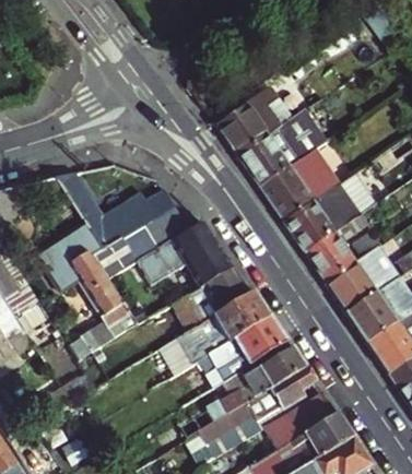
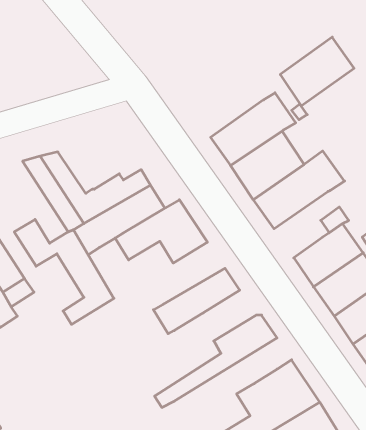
building: [217,85,295,157] -> [280,37,354,106]
building: [306,214,370,284] -> none
building: [173,268,255,333] -> none
building: [201,318,287,387] -> none
building: [201,368,318,459] -> none

